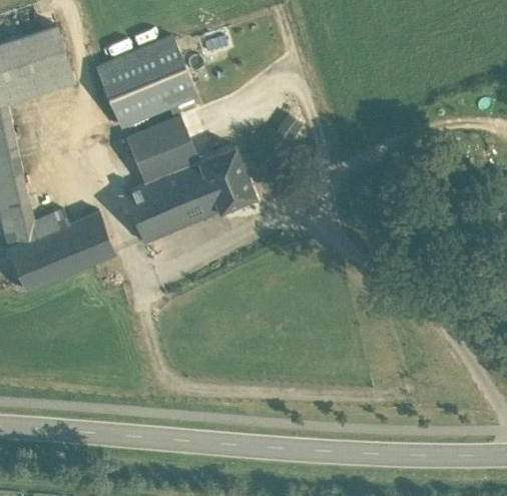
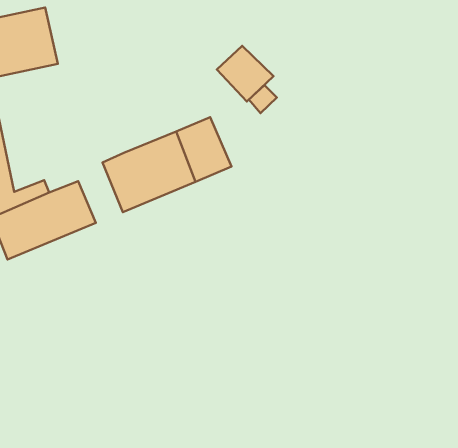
building: [95,35,195,126] -> none
building: none -> [217,46,274,102]
building: [125,114,198,182] -> none

